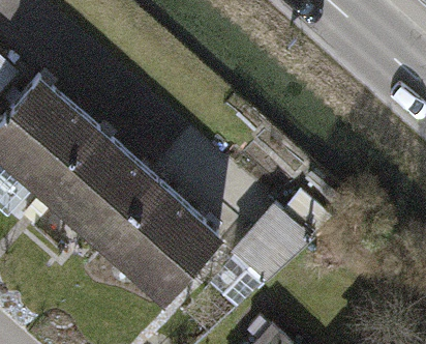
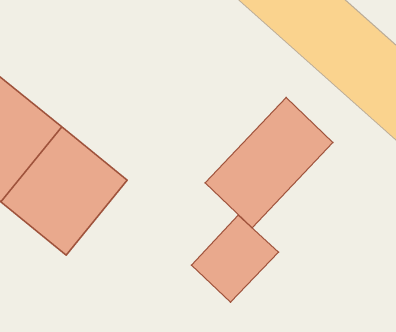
building: none -> [205,97,333,228]
building: [104,182,225,305] -> none

